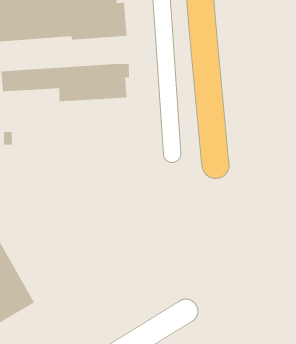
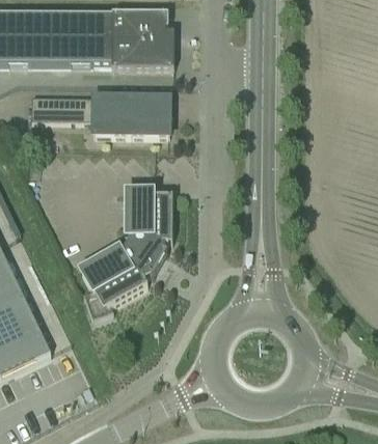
building: none -> [79,189,170,316]

